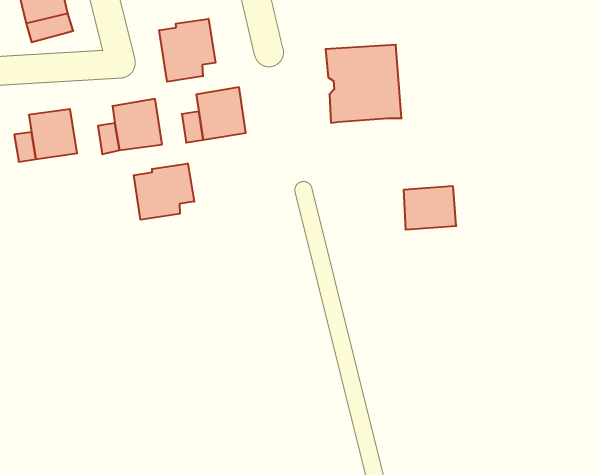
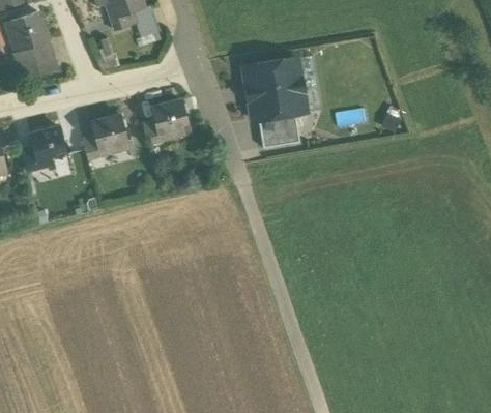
building: [159,19,216,82] -> none
building: [134,163,194,220] -> none
building: [404,186,456,229] -> [259,112,300,147]

